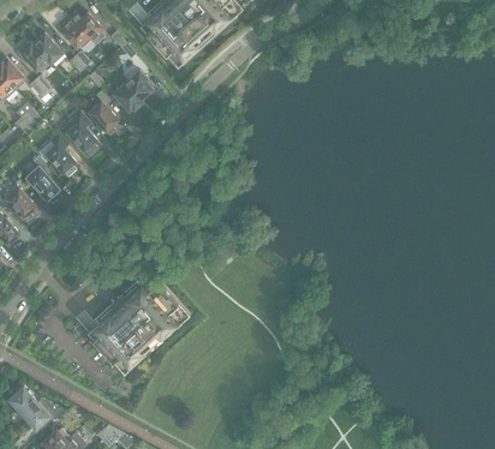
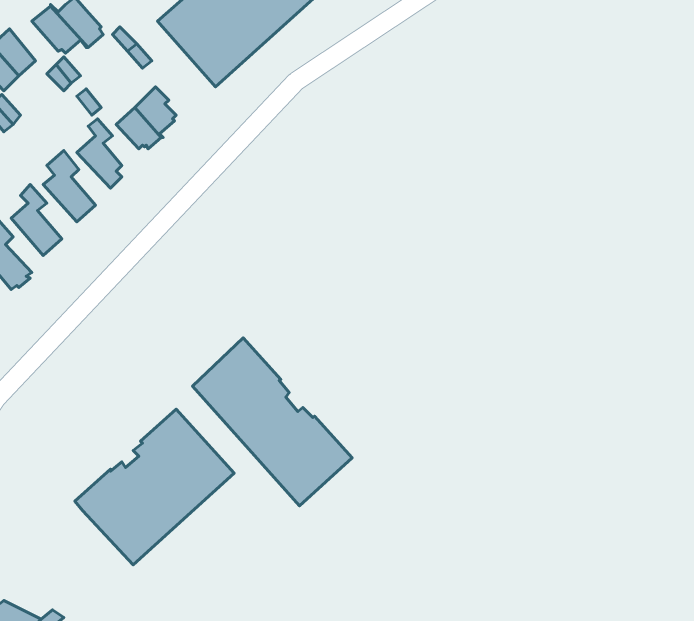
building: none -> [193,338,352,506]

